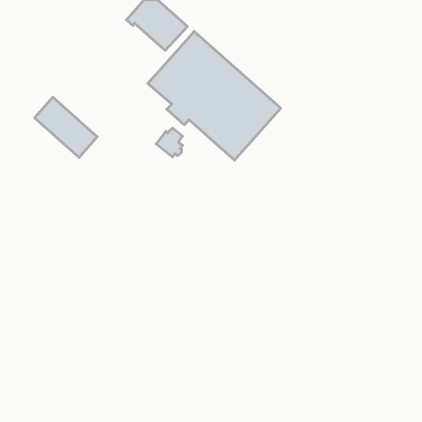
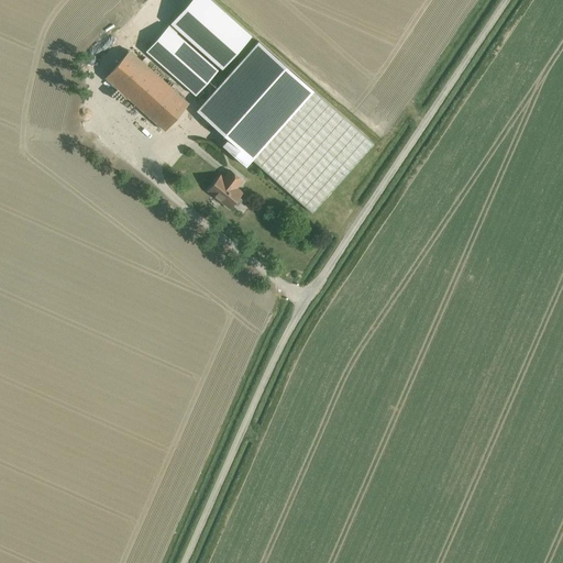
building: none -> [145,26,218,96]
building: [35,97,97,158] -> [106,51,189,131]

